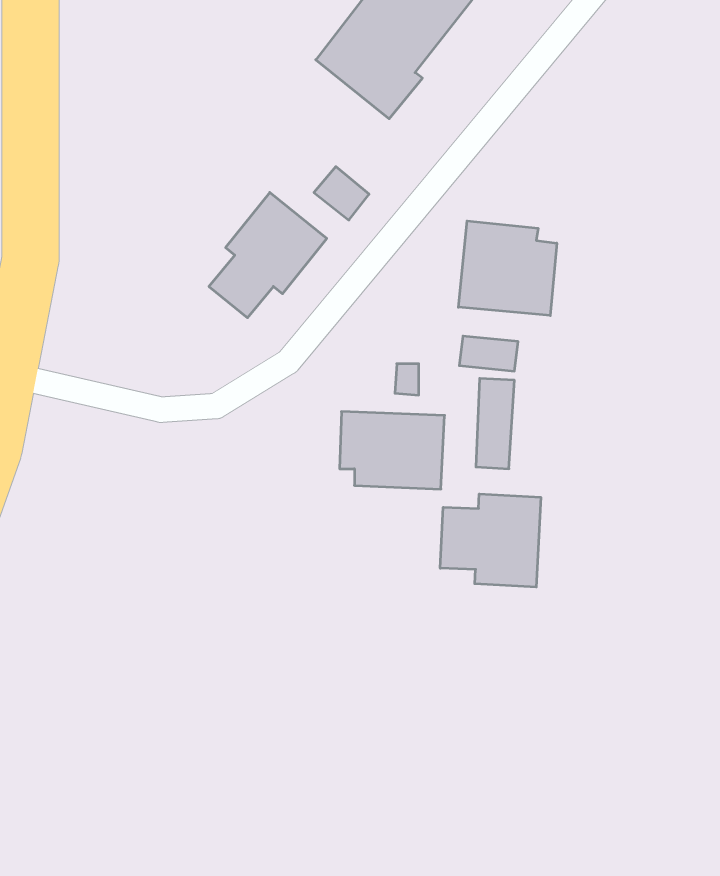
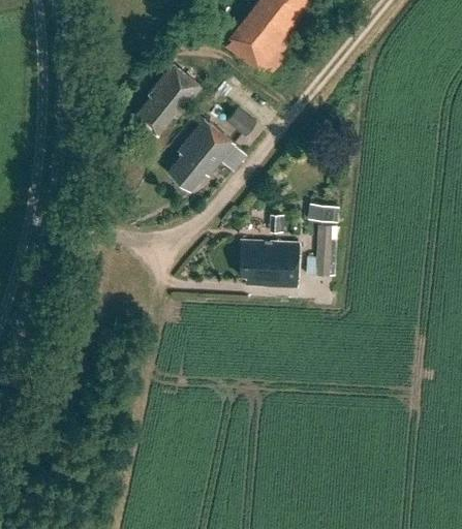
building: none -> [134,60,201,132]
building: [458,221,557,316] -> none
building: [440,494,541,587] -> none

